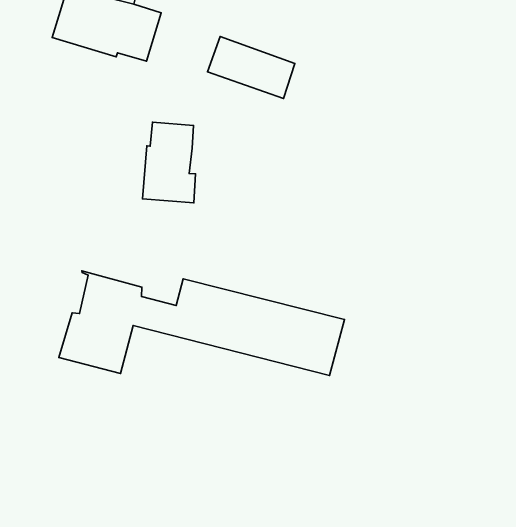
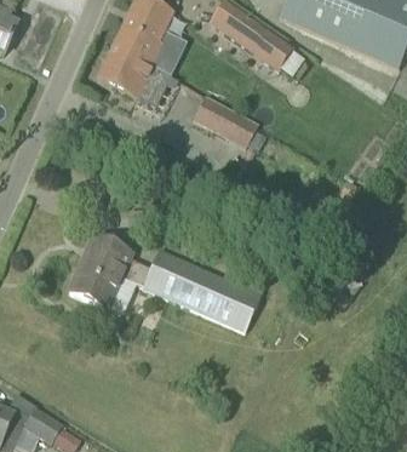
building: [143,122,196,203] -> none

